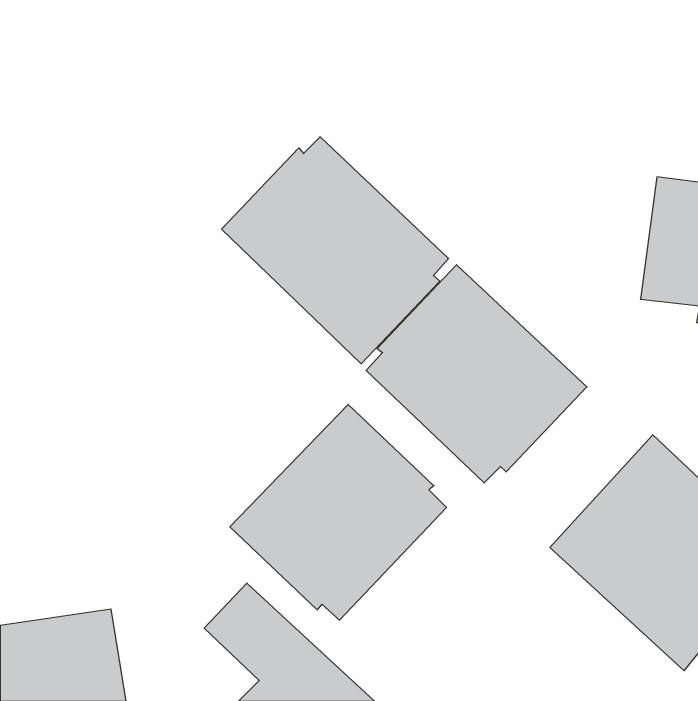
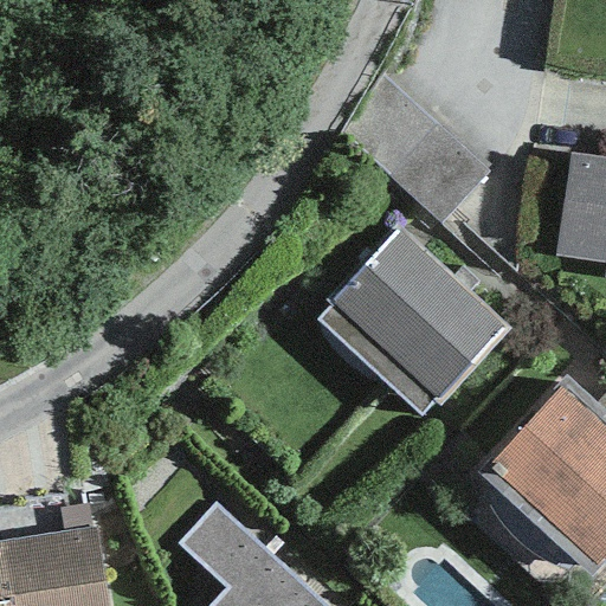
building: [222,137,449,364] -> none
building: [230,404,447,620] -> none

